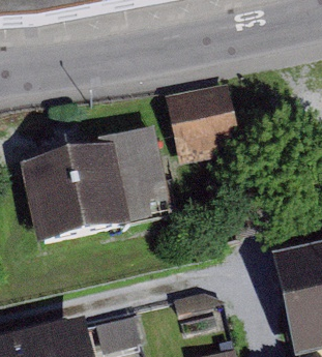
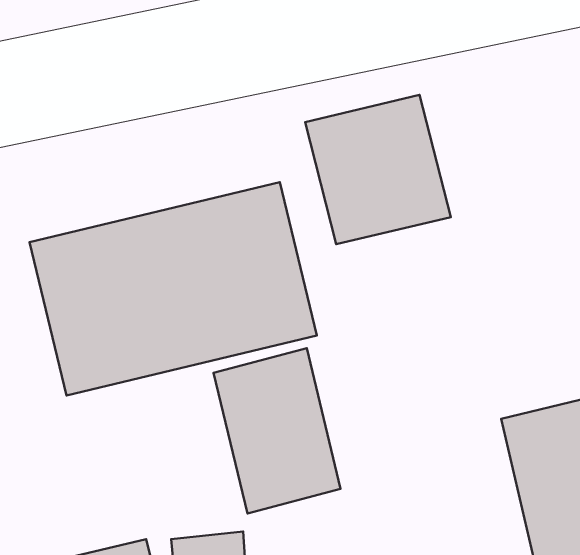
building: none -> [214,348,341,514]

